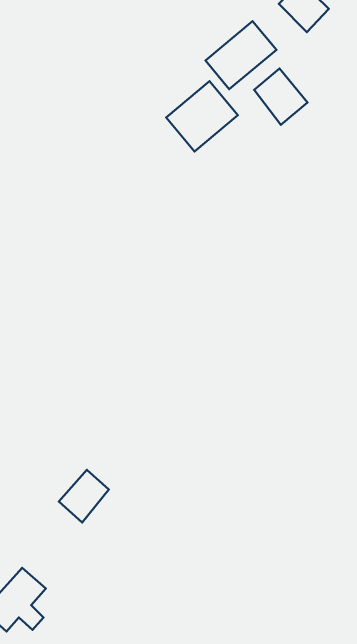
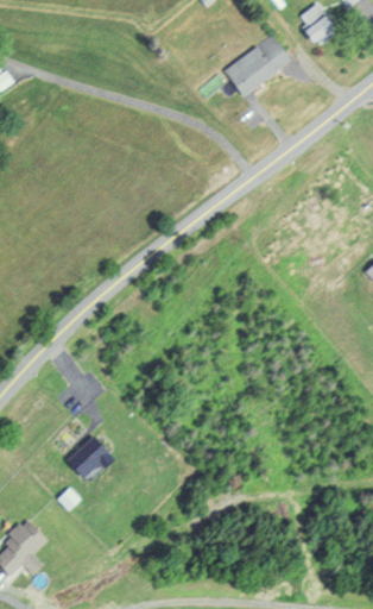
building: [254,69,308,125] -> none
building: [166,81,238,151] -> none

